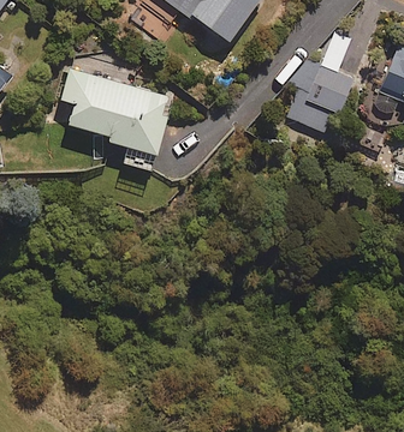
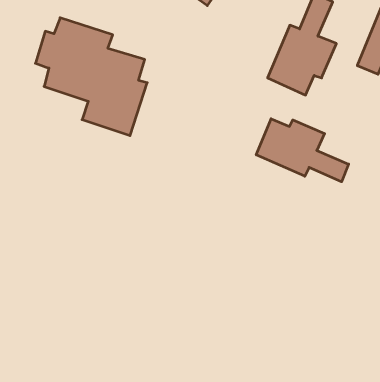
building: none -> [256,119,349,182]

